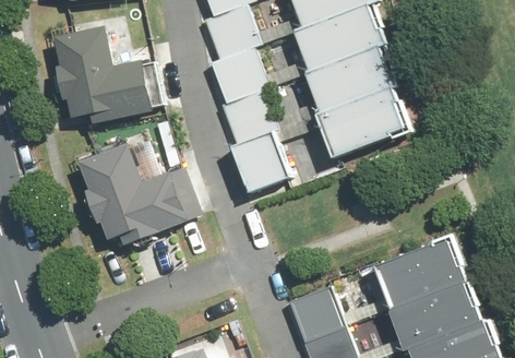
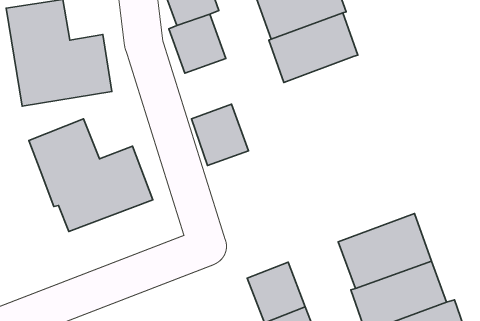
building: [319,83,405,150] -> none
building: [218,88,273,143] -> none

